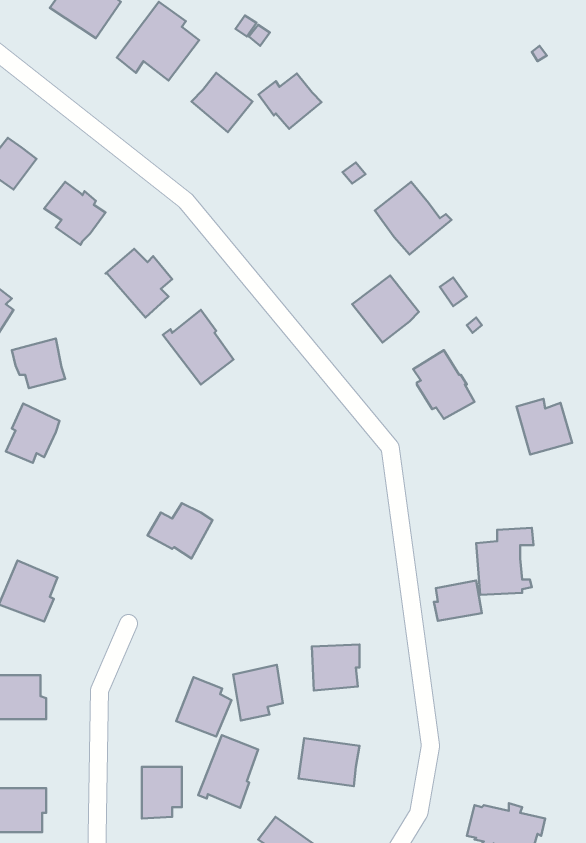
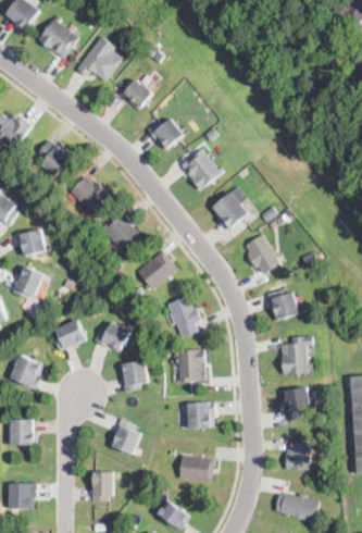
building: [259,73,322,129] -> [148,119,184,150]
building: [375,182,451,254] -> [180,149,224,190]
building: none -> [138,250,177,290]
building: [517,399,572,454] -> [266,289,298,321]
building: none -> [167,296,201,338]
building: none -> [52,320,87,351]
building: none -> [174,349,204,382]
building: [434,581,482,621] -> [283,387,310,410]
building: [233,665,283,720] -> [120,360,148,392]
building: none -> [285,444,312,470]
building: [198,735,258,808] -> none

